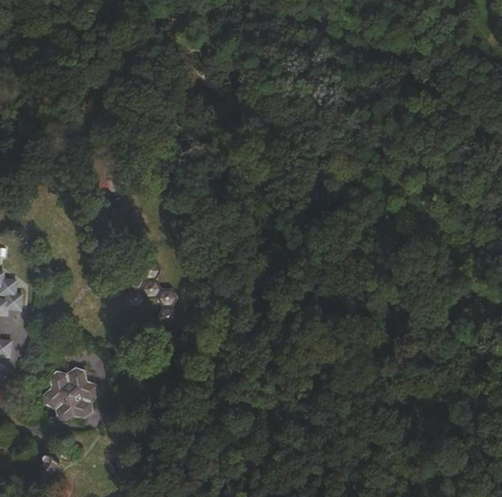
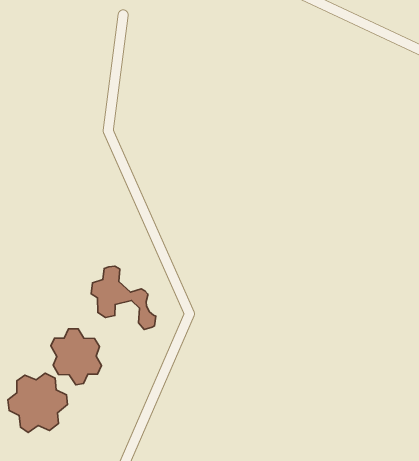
building: none -> [51,329,102,385]

